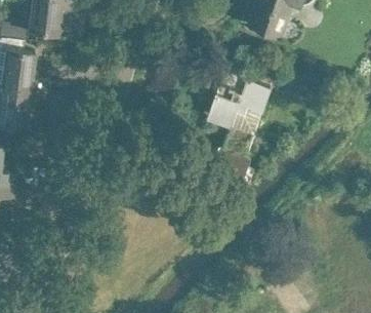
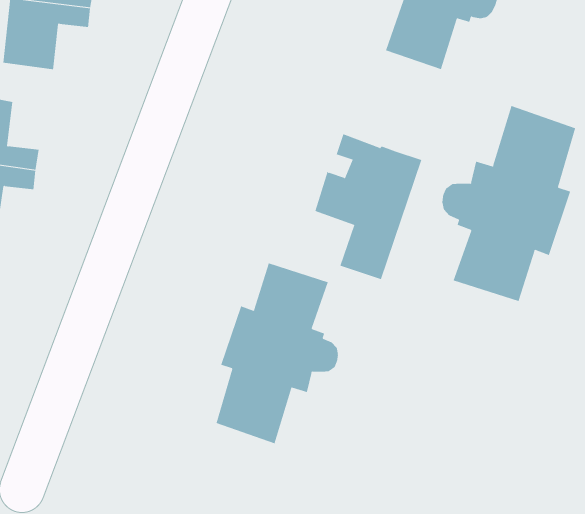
building: none -> [442,105,576,302]
building: none -> [216,263,338,444]

